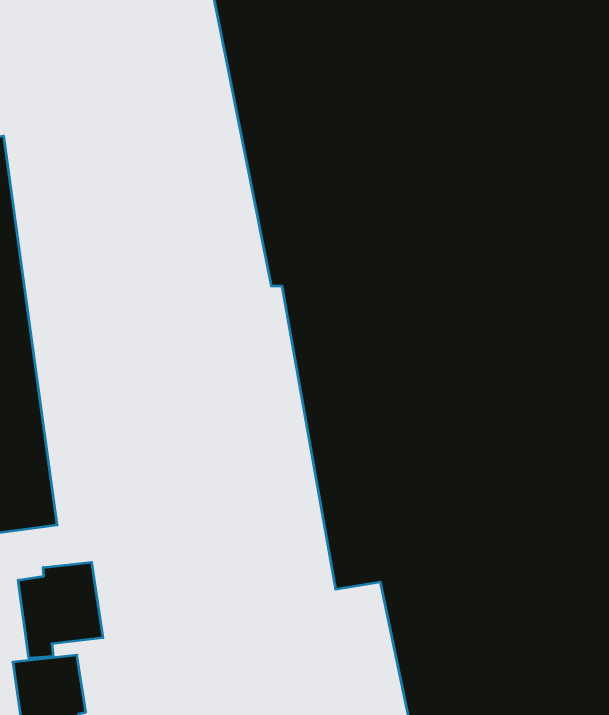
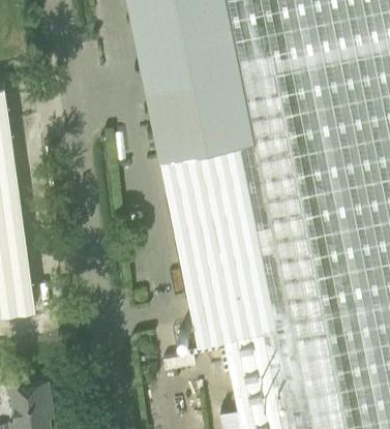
building: [18,562,103,658] -> none

